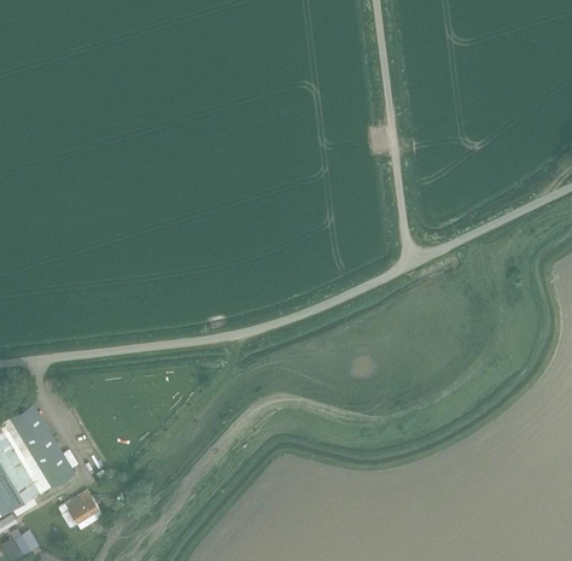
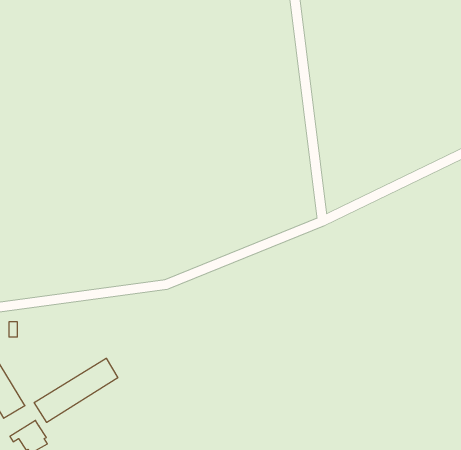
building: none -> [34,358,118,422]

